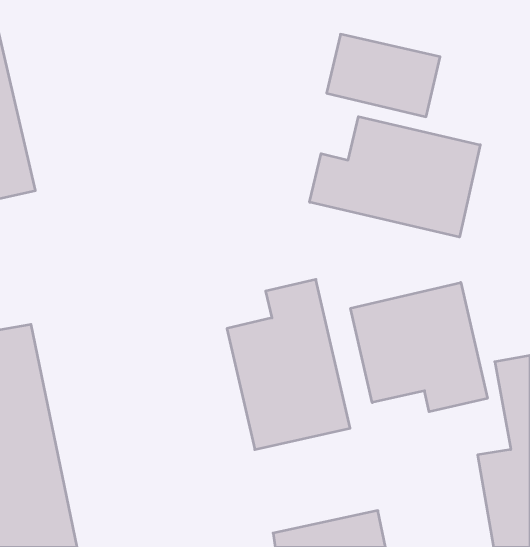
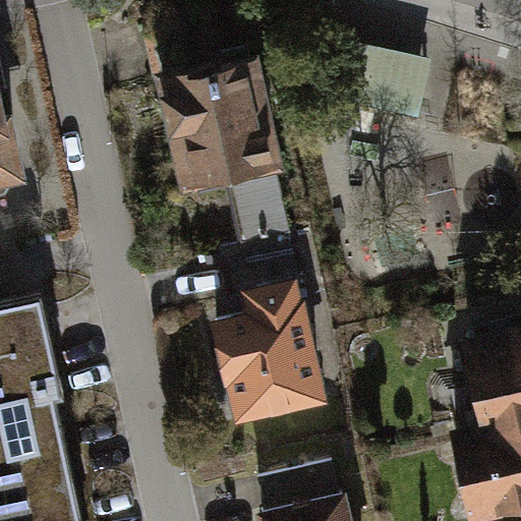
building: none -> [159,61,296,242]
building: [310,117,480,237] -> none
building: [351,282,487,412] -> none

